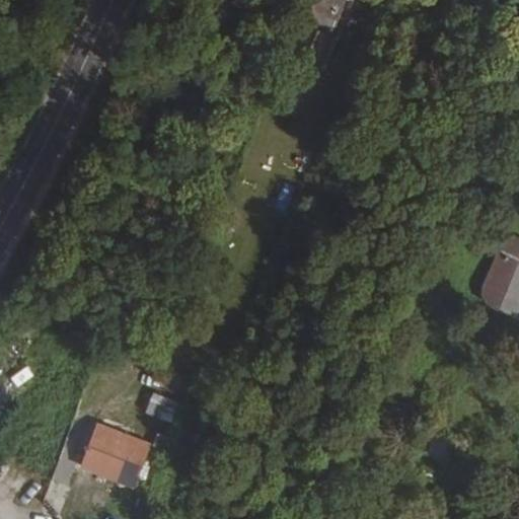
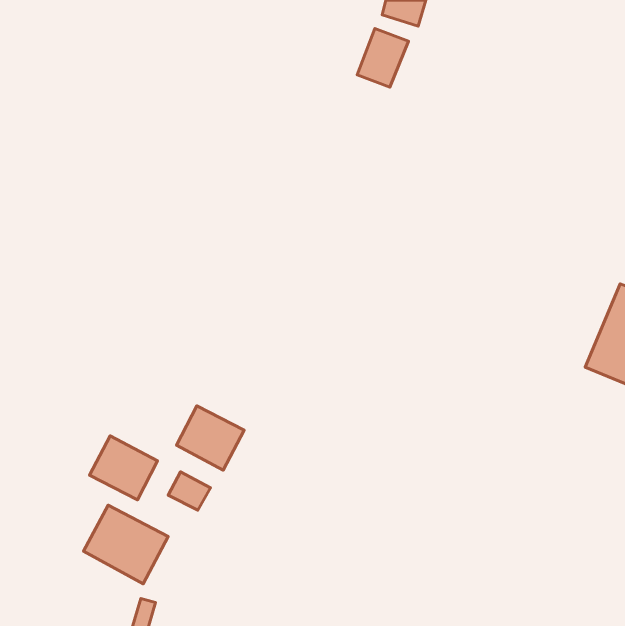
building: none -> [176,406,244,470]
building: none -> [89,436,157,500]

